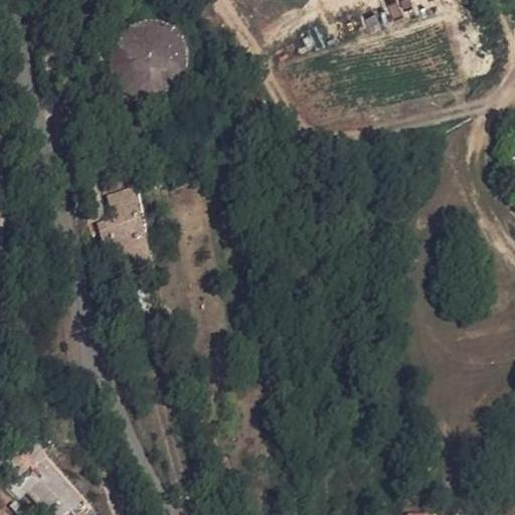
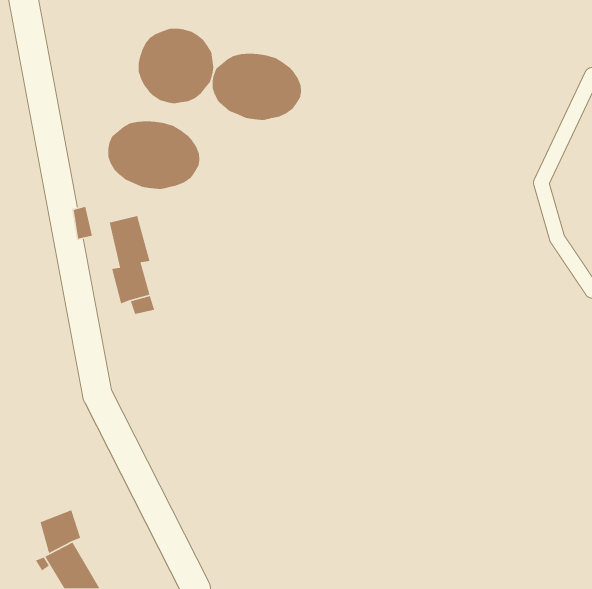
building: none -> [212,53,302,121]
building: none -> [107,121,200,190]

